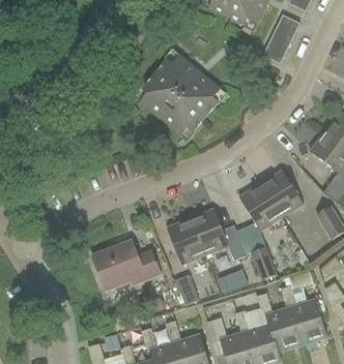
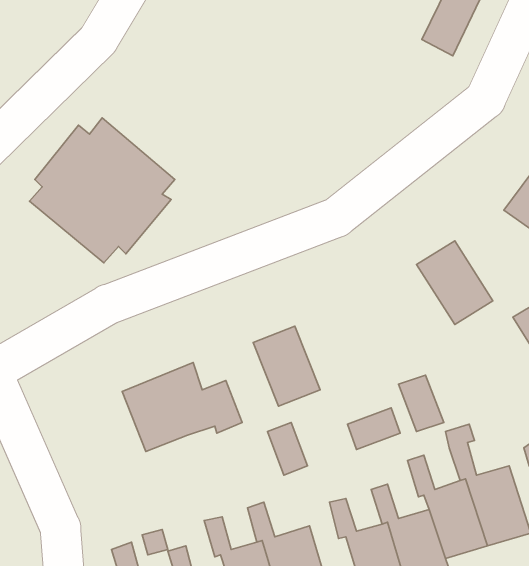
building: [140,54,223,136] -> [29,118,175,263]
building: [240,183,283,231] -> none
building: [192,209,247,260] -> none

